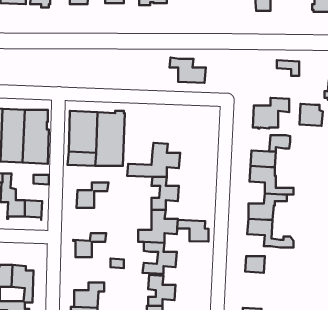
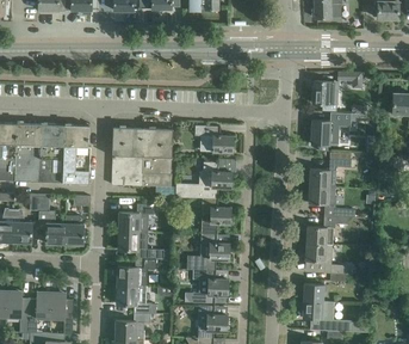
building: [169,58,206,83] -> [194,125,234,153]
building: [300,104,323,126] -> [312,81,337,105]
building: none -> [118,232,153,259]
building: [177,220,208,242] -> none
building: none -> [116,285,150,313]
building: none -> [302,301,342,332]

